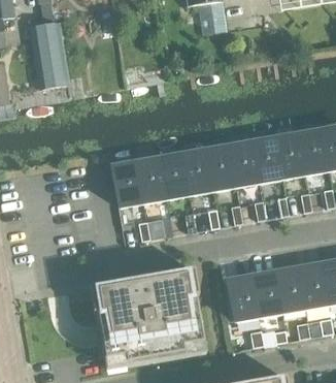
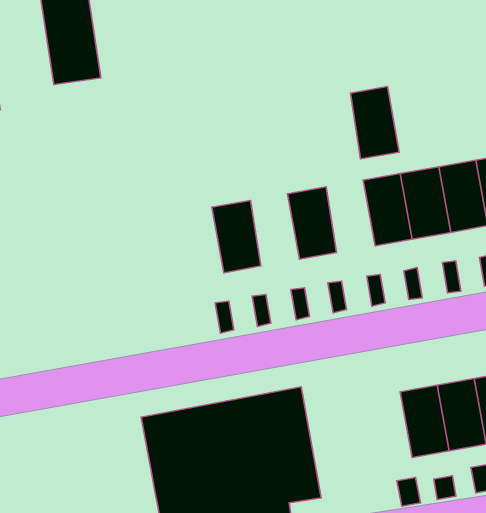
building: [206,147,236,191] -> [350,87,399,159]
building: [160,155,190,199] -> none
building: [112,163,143,208] -> none
building: [228,277,259,321] -> none

